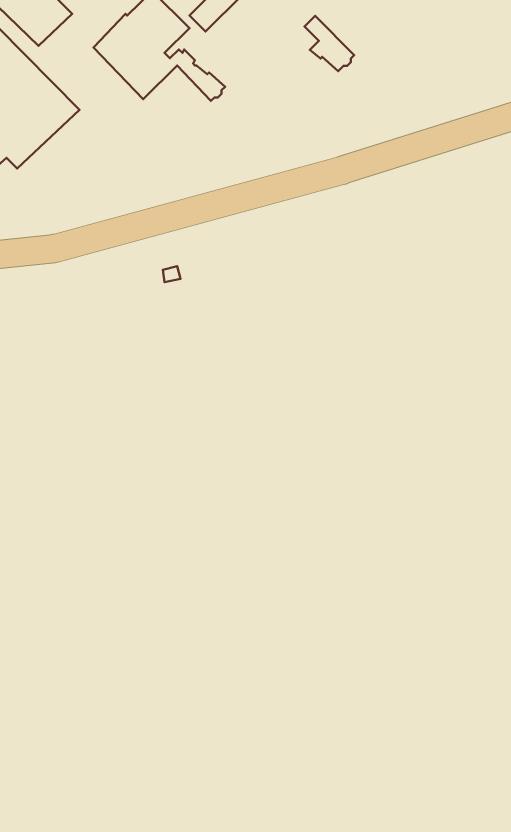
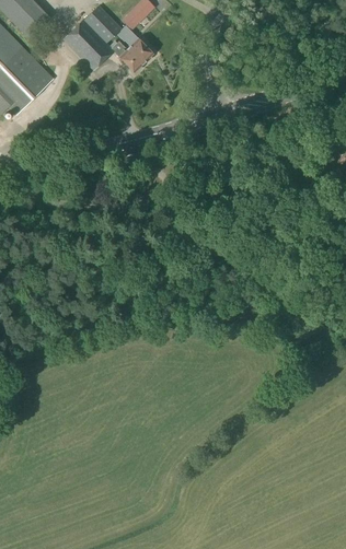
building: [304,16,354,71] -> [123,30,153,63]

